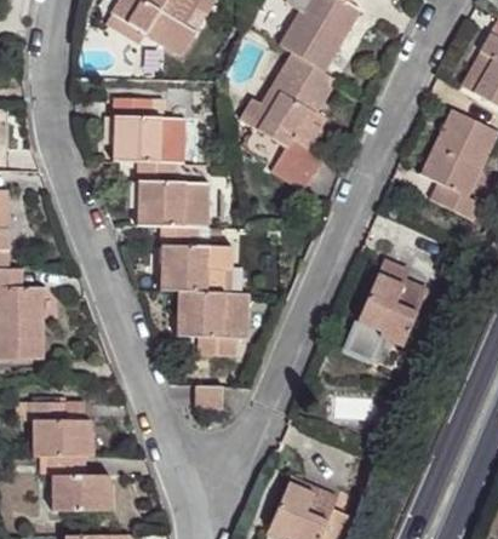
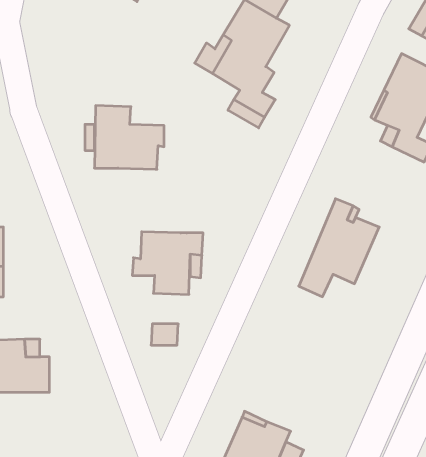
building: [113,98,184,164] -> none
building: [160,227,233,293] -> none
building: [48,457,110,512] -> none

